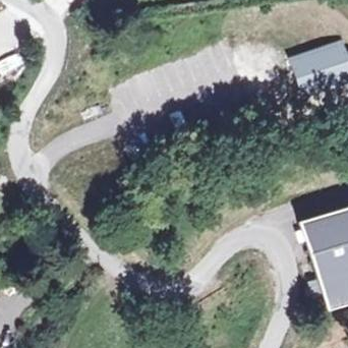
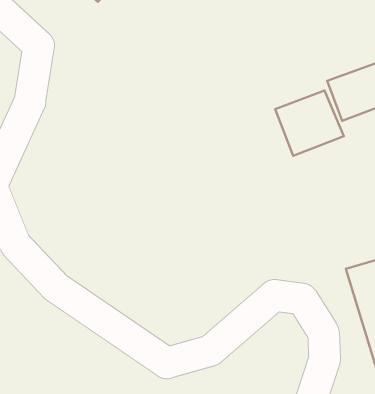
building: none -> [275,91,344,156]

